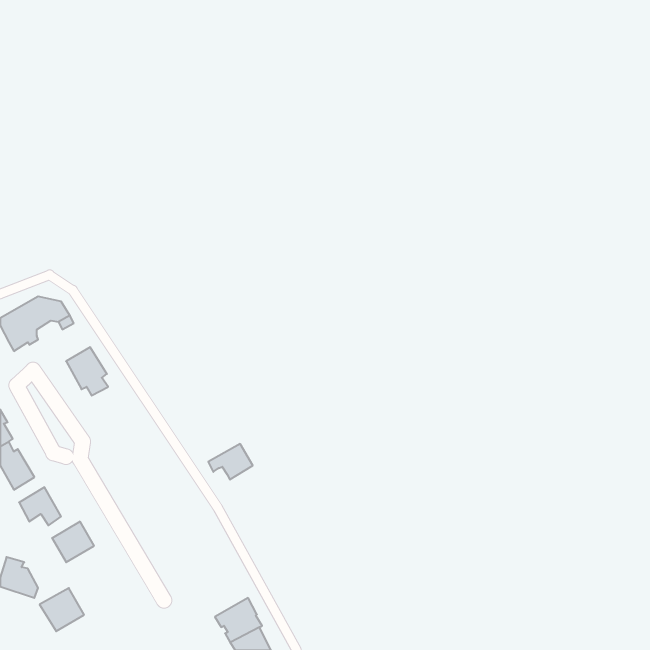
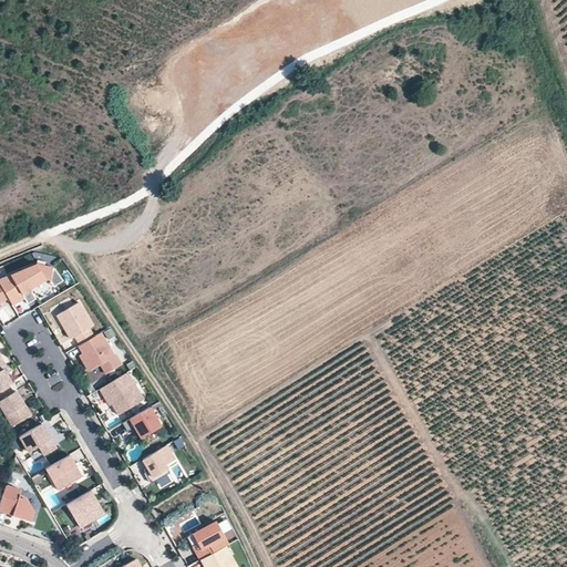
building: none -> [79,332,122,373]
building: none -> [100,372,143,414]
building: [208,444,253,480] -> [122,408,161,439]
building: none -> [143,445,175,483]
building: [40,588,84,631] -> [65,489,104,527]

